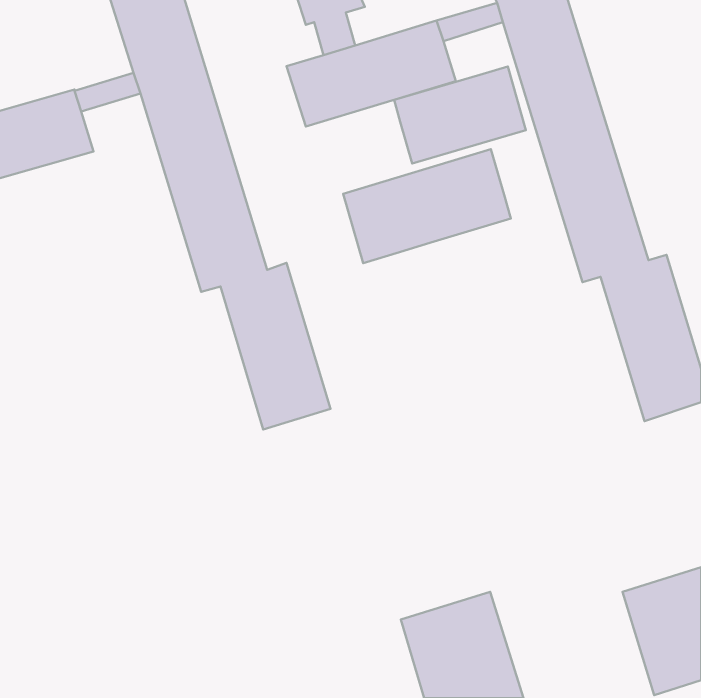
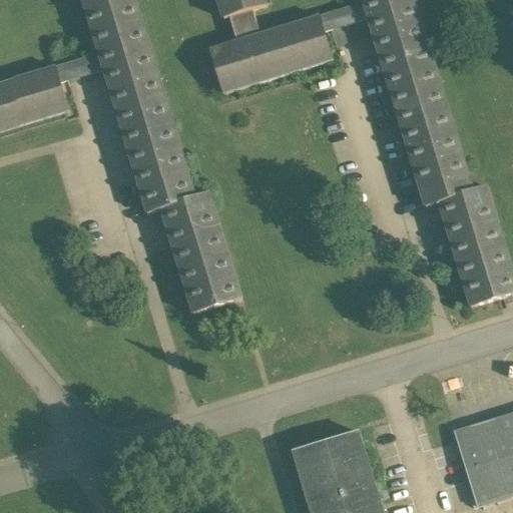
building: [394,66,526,164] -> none
building: [343,149,511,263] -> none

